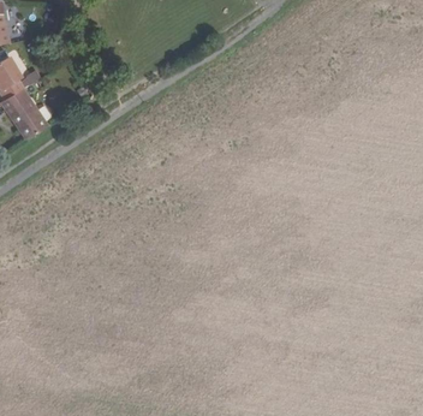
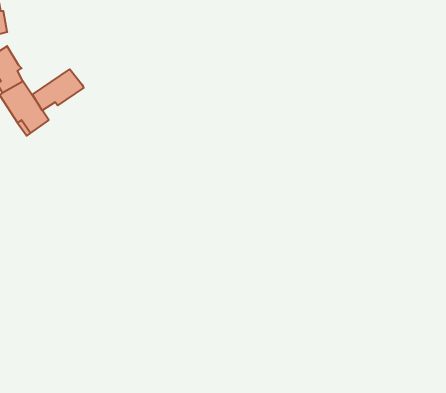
building: none -> [32,69,84,110]

